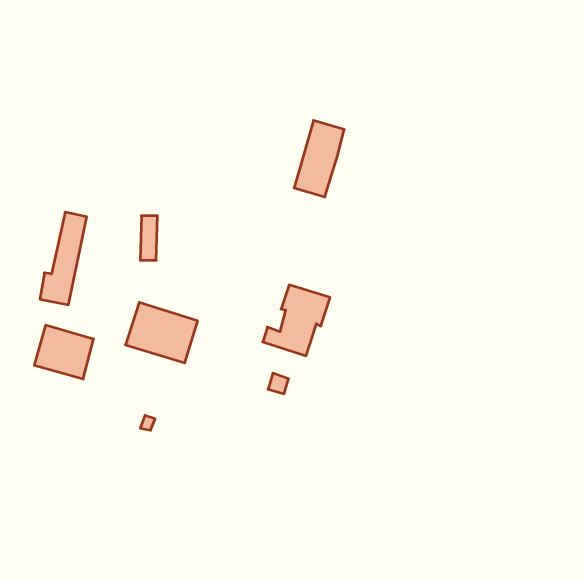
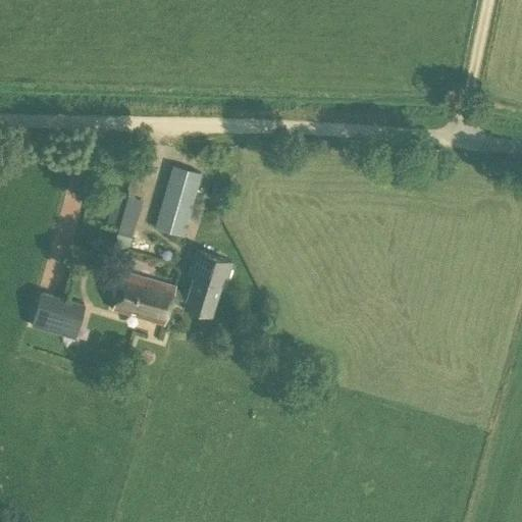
building: [294,120,344,197] -> [155,167,200,236]
building: [263,285,330,356] -> [172,252,232,315]

